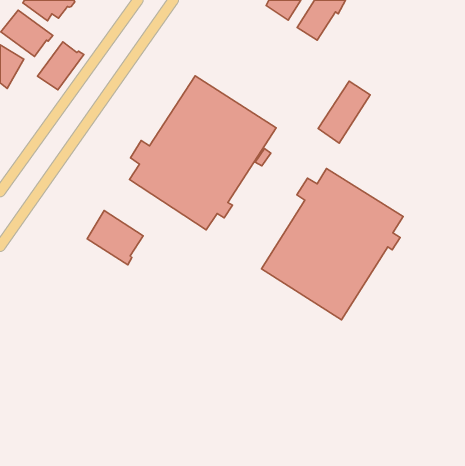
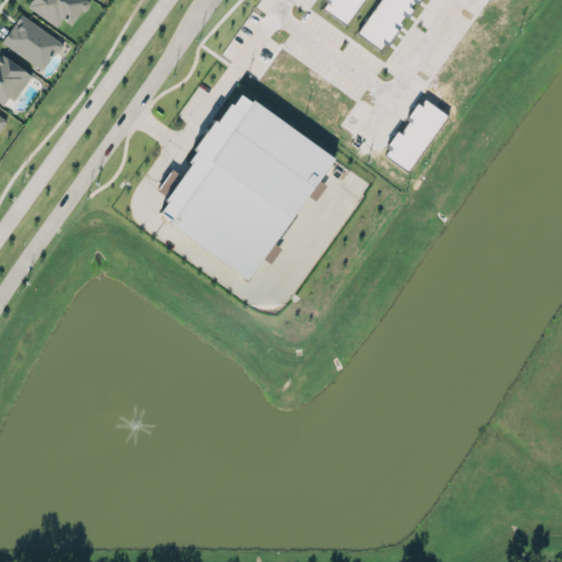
building: [37,42,84,90] -> none
building: [262,169,403,320] -> none
building: [87,210,143,265] -> none

